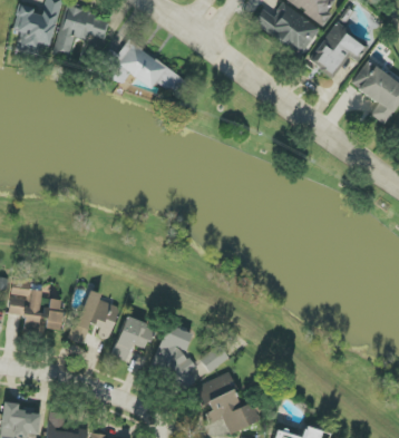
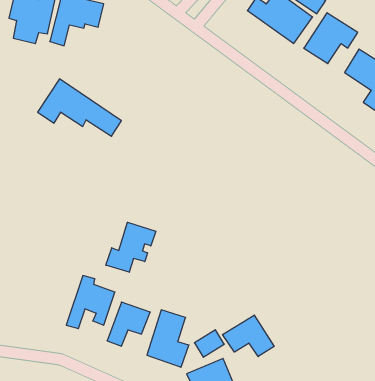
building: [105,40,189,98] -> [38,79,121,136]
building: none -> [106,222,156,272]
building: [9,282,64,330] -> none
building: none -> [223,315,274,357]

